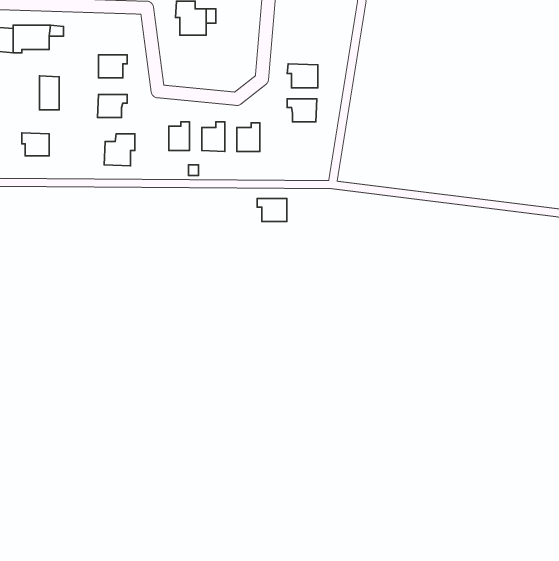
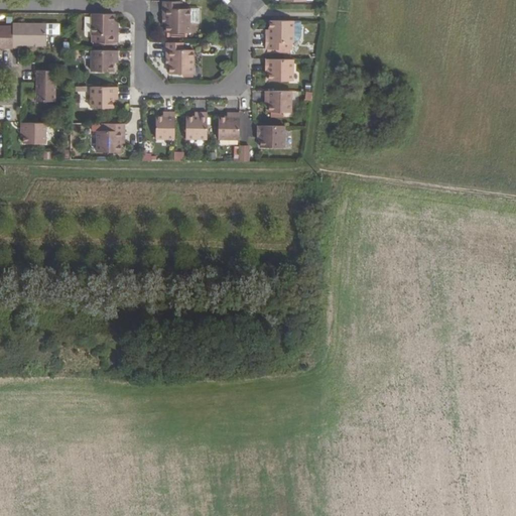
building: none -> [91,14,118,42]
building: none -> [265,20,292,52]
building: none -> [165,42,192,74]
building: [257,198,287,222] -> [256,126,283,147]

